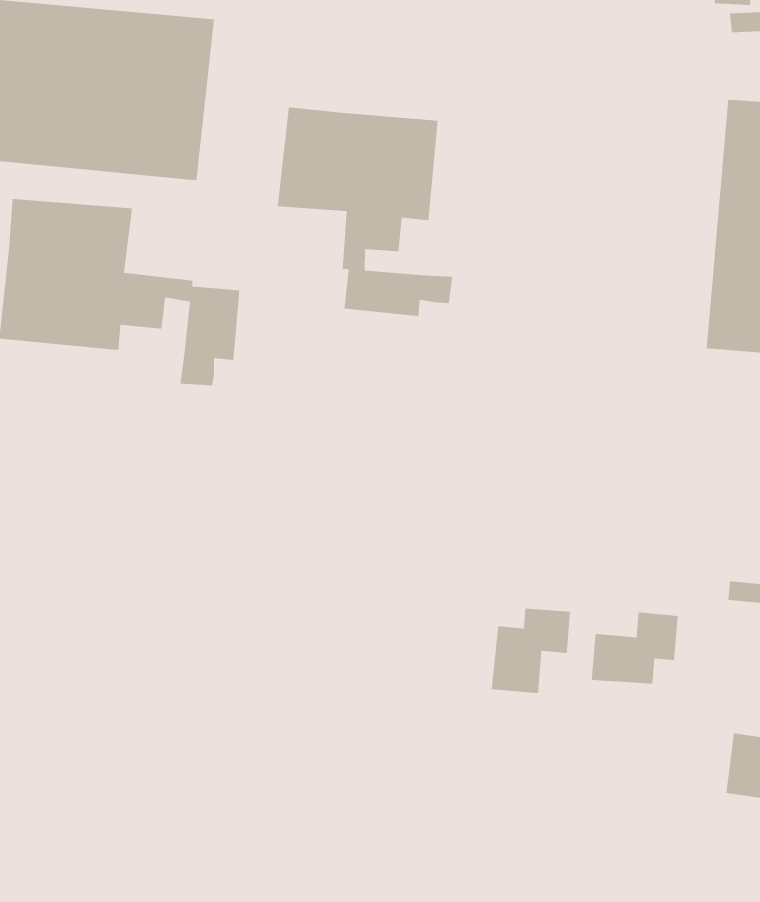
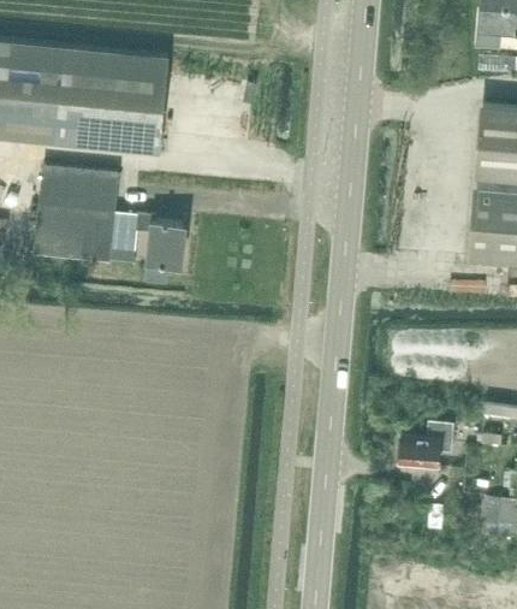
building: [277,106,453,317] -> none
building: [491,608,570,694] -> none

